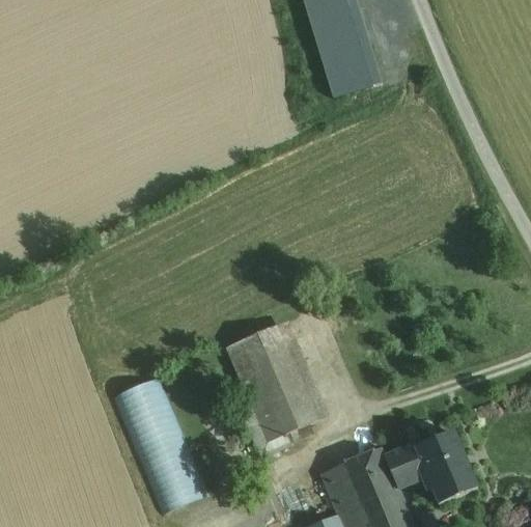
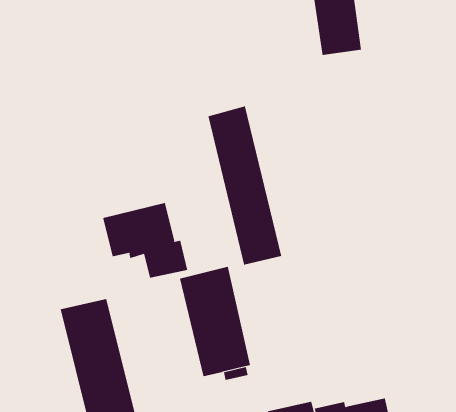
building: none -> [208,106,282,266]
building: none -> [102,202,188,279]

